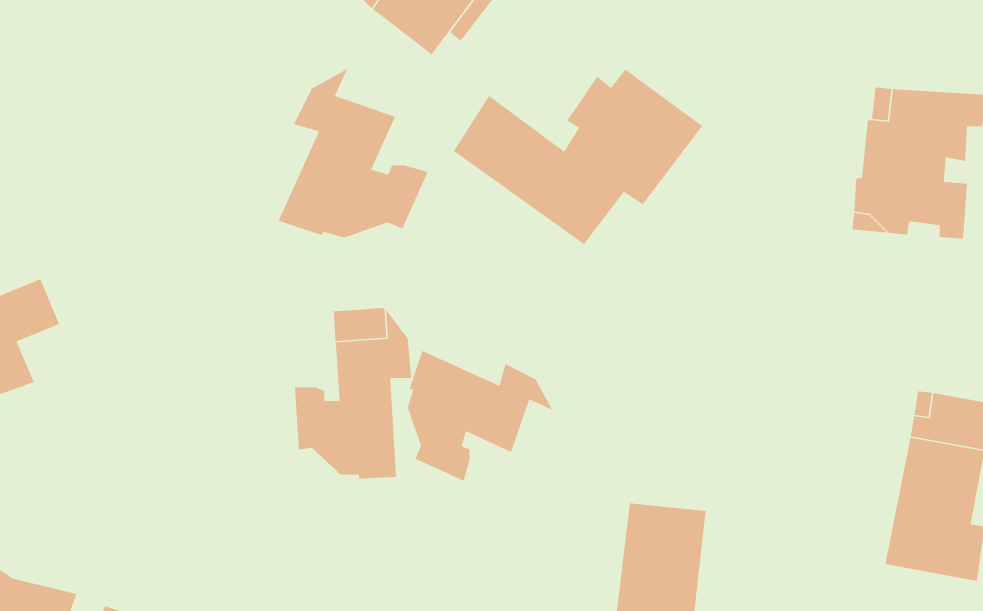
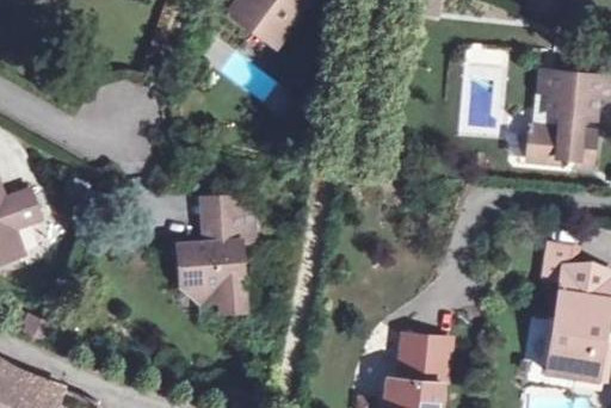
building: [278,67,429,238] -> none
building: [453,68,703,245] -> none
building: [407,350,554,482] -> none

